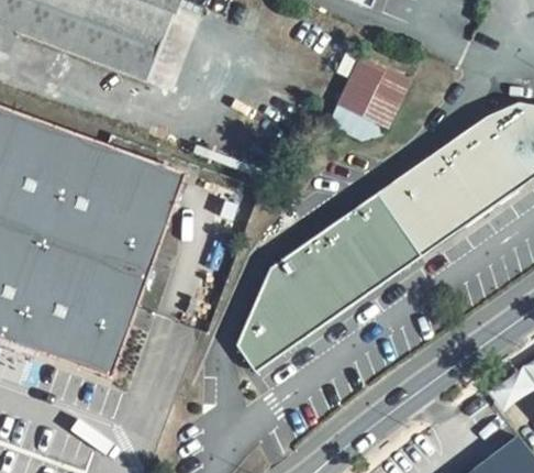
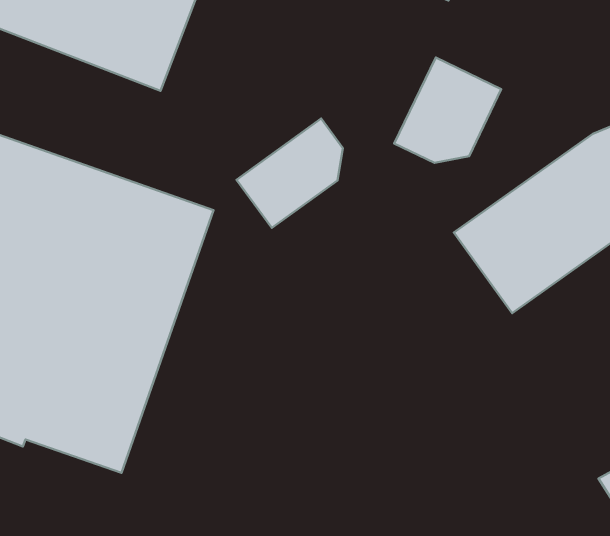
building: none -> [237,118,343,228]
building: [235,191,421,372] -> none

